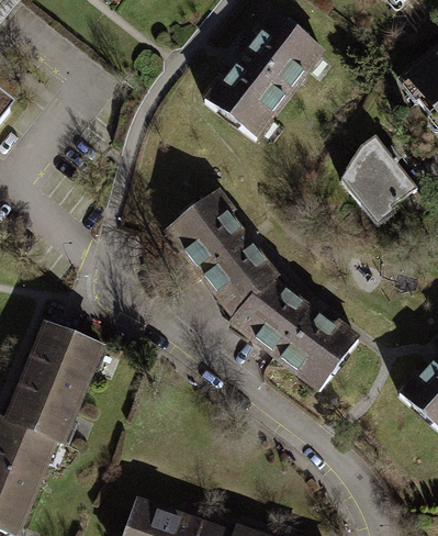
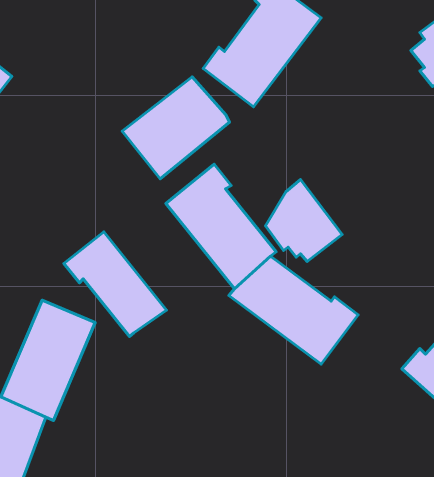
building: none -> [122,77,230,179]
building: [341,133,416,213] -> [266,180,342,262]
building: none -> [64,232,167,337]

